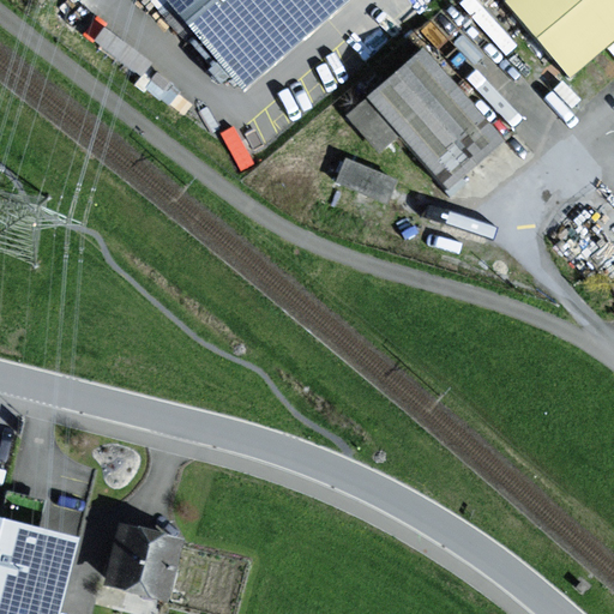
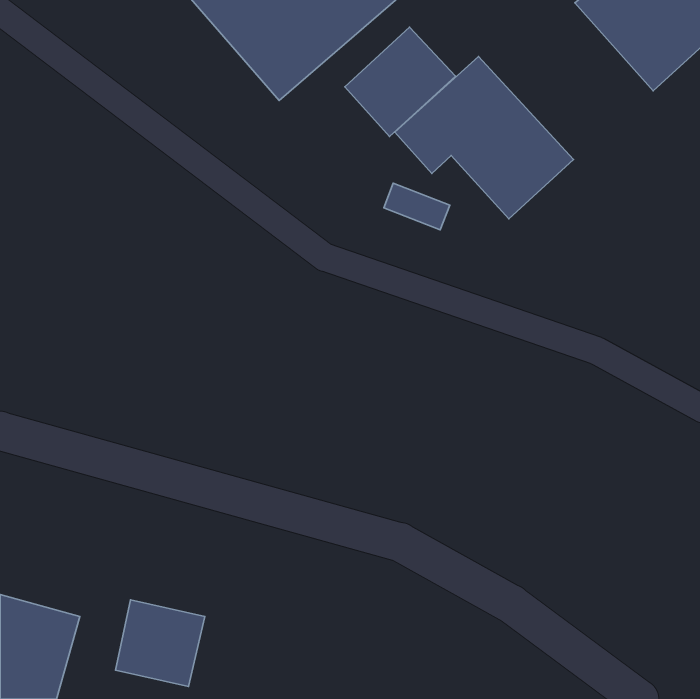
building: none -> [345,27,456,137]

